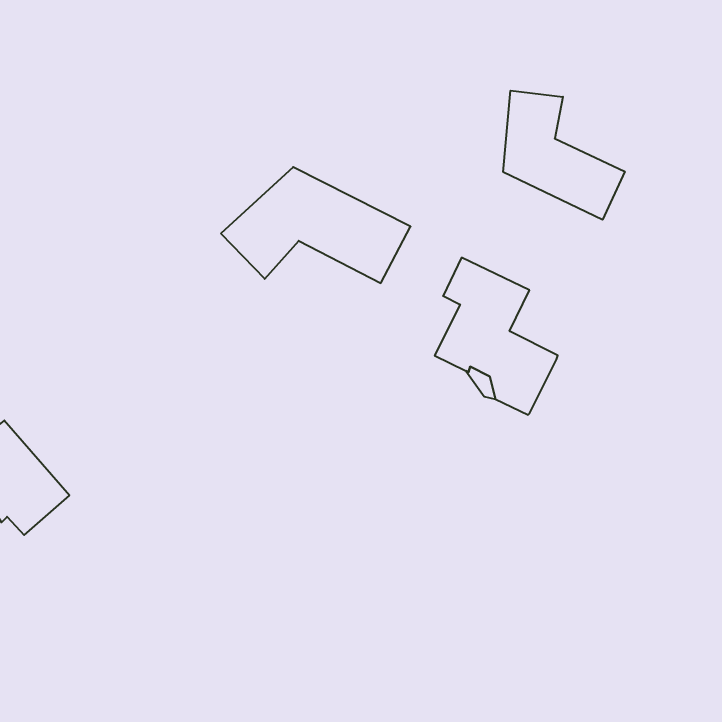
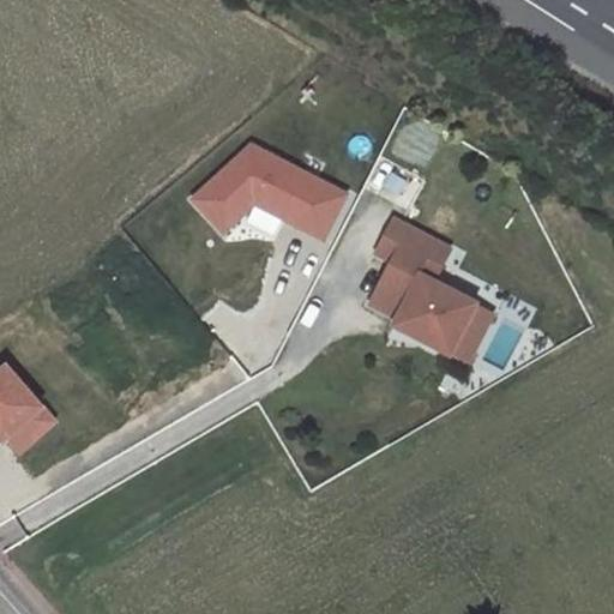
building: [503,91,625,220] -> none
building: none -> [449,305,499,365]

